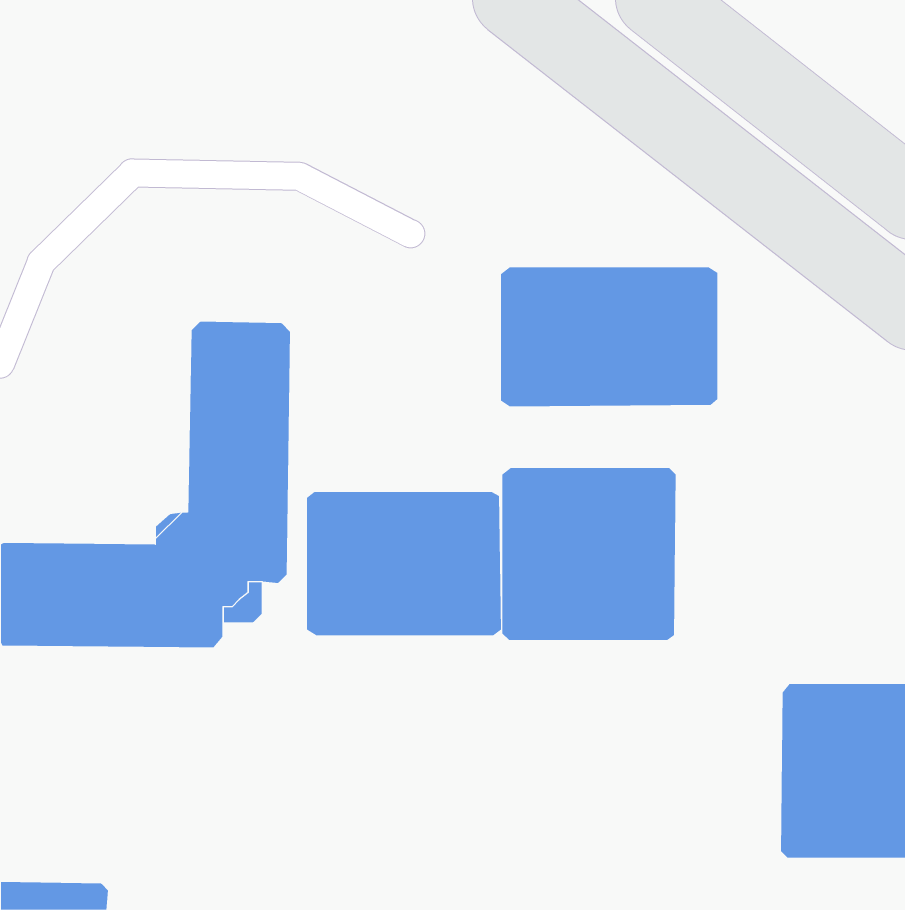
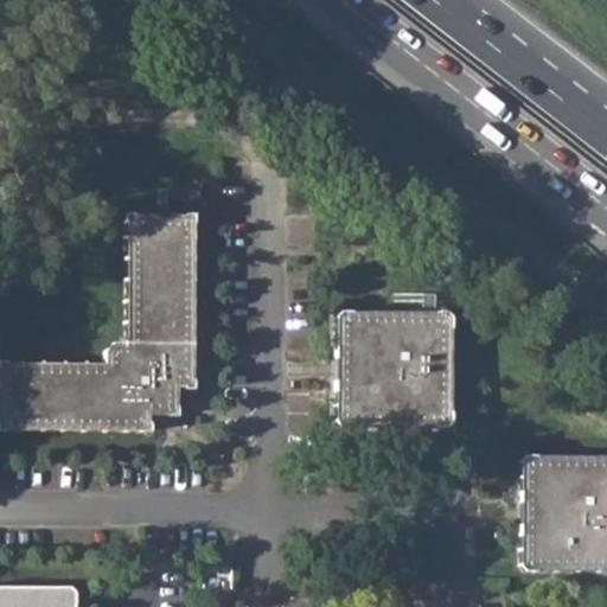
building: [500,266,718,407] -> none
building: [306,491,501,636] -> none

